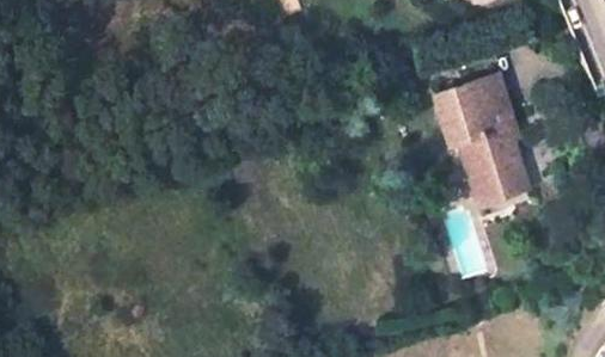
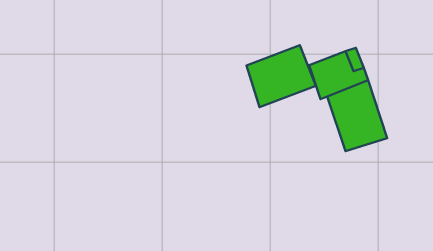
building: none -> [247,45,316,107]

